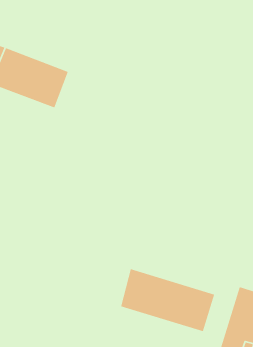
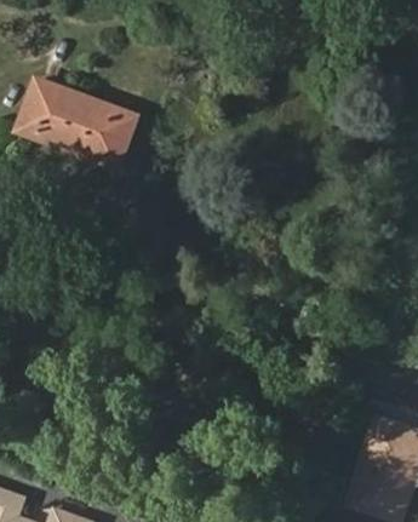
building: [120,268,215,332] -> none

